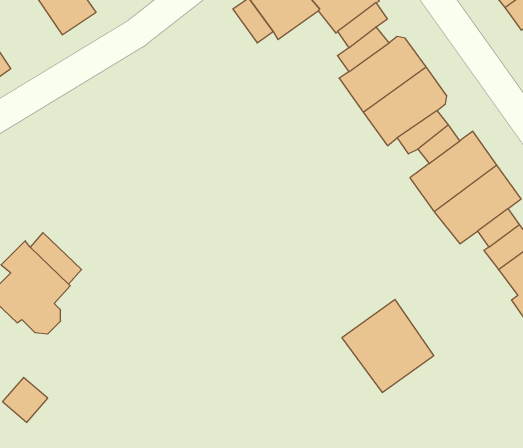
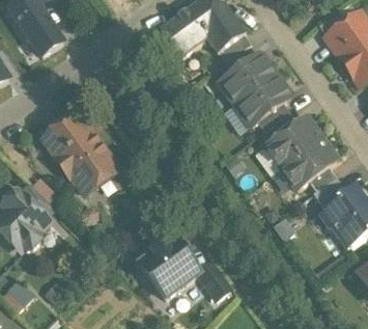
building: none -> [44,112,117,191]
building: [342,299,434,393] -> [140,236,199,296]

